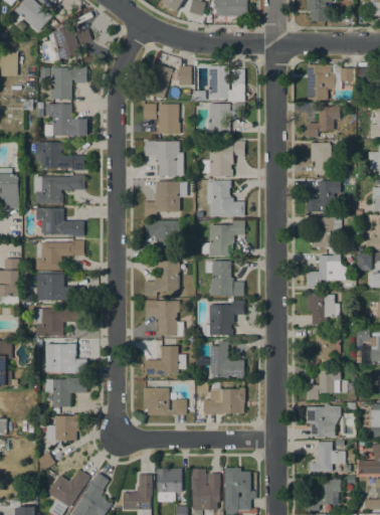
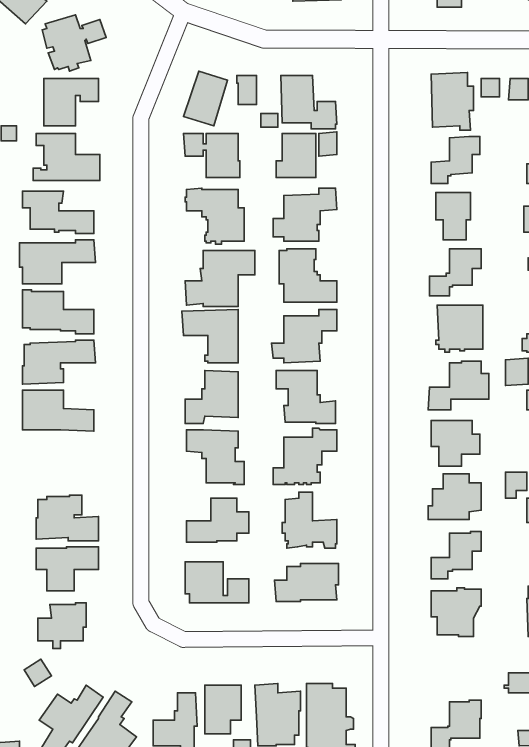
building: [35,308,84,335] -> none
building: [309,442,345,471] -> none

